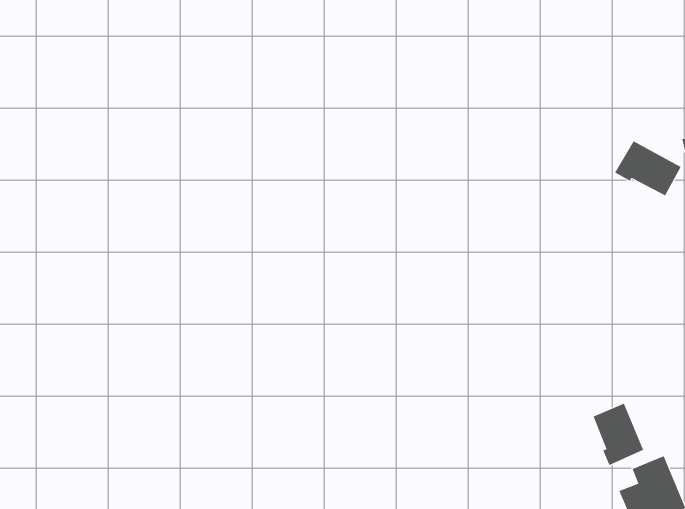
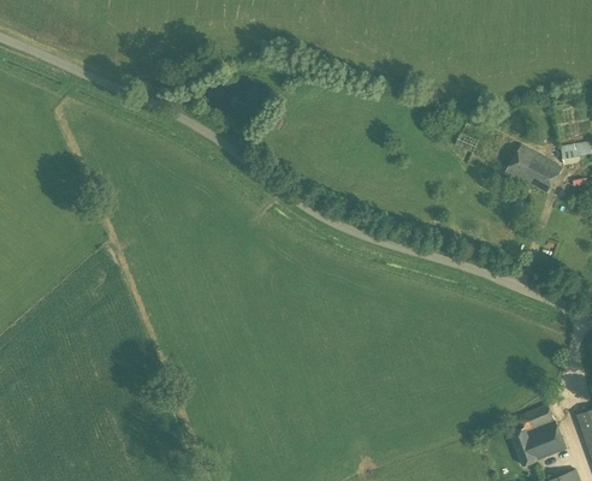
building: [593,403,644,466] -> none

